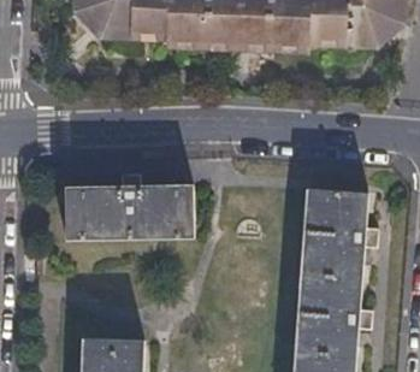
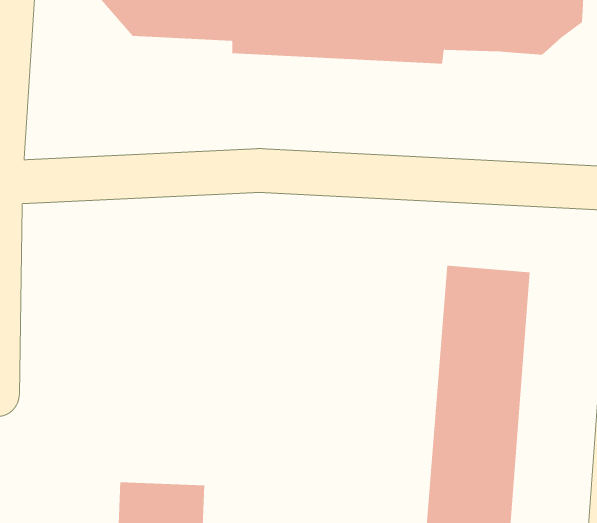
building: [65,185,193,240] -> none

